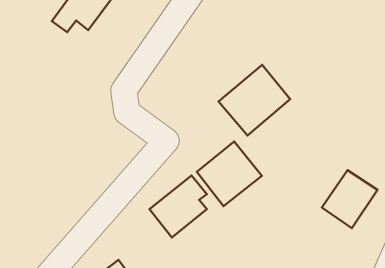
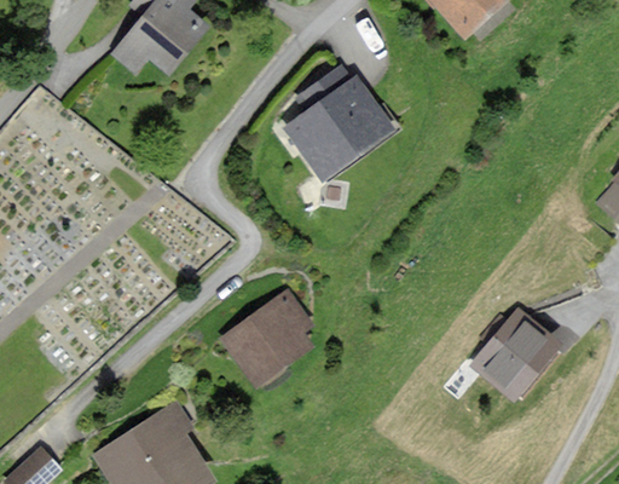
building: [219,65,290,136] -> [287,76,389,175]
building: [197,141,262,206] -> none

